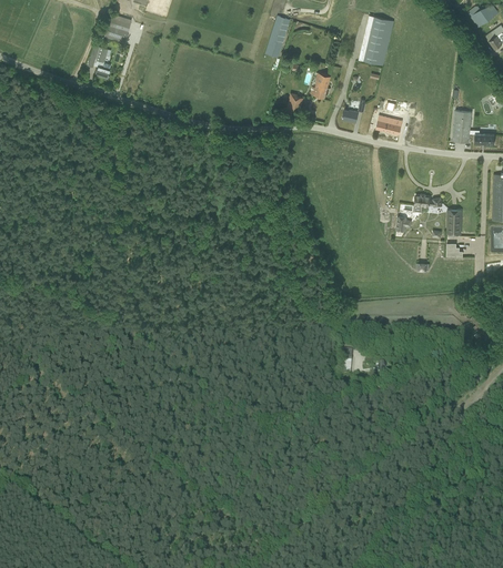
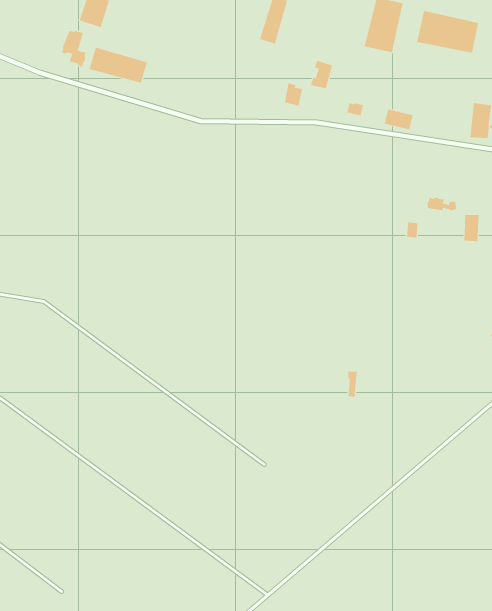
building: none -> [416,10,479,54]
building: none -> [89,47,147,84]

